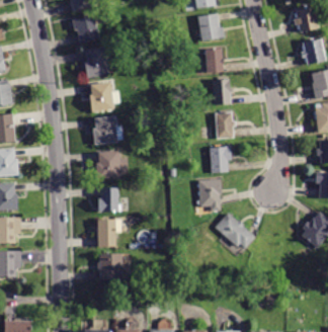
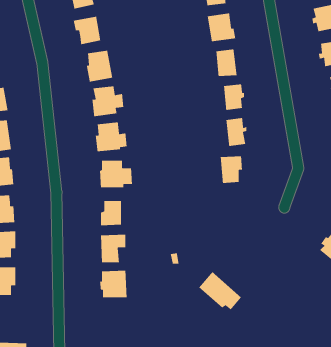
building: [198,179,222,212] -> none
building: [216,212,256,248] -> [198,271,242,311]

